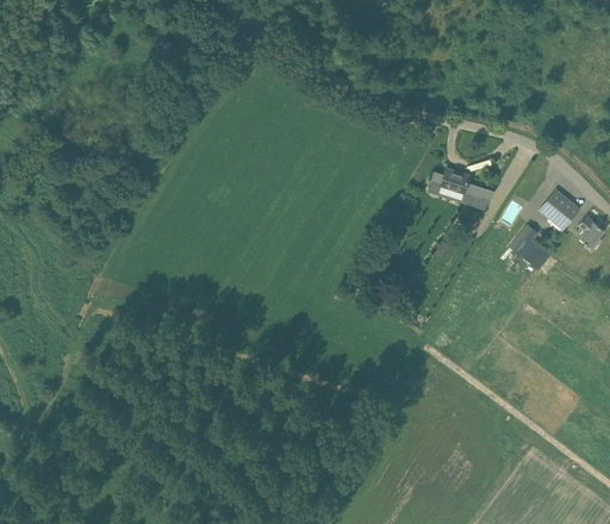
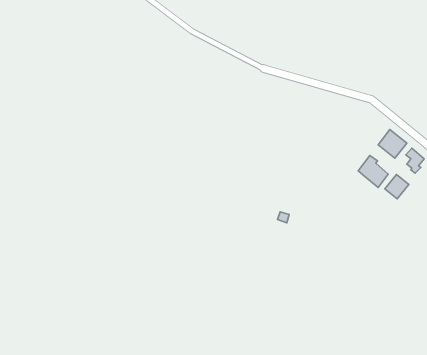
building: [428,168,491,208] -> none
building: none -> [385,174,409,199]

